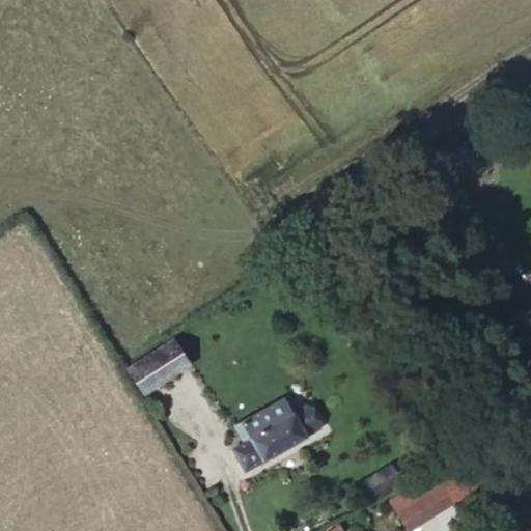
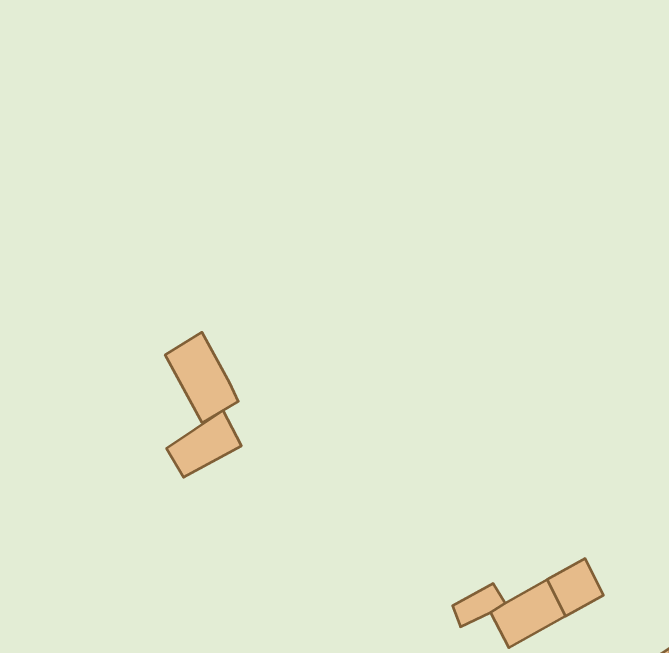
building: none -> [165,332,238,423]
building: [231,401,317,476] -> none

